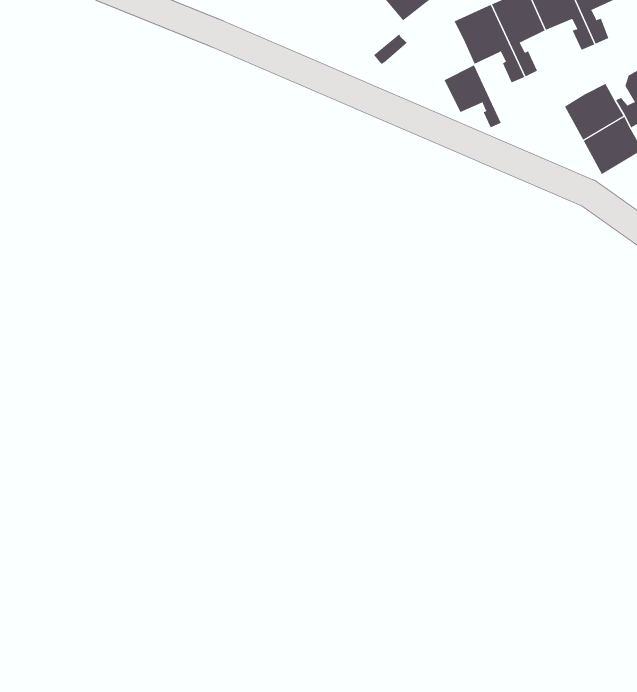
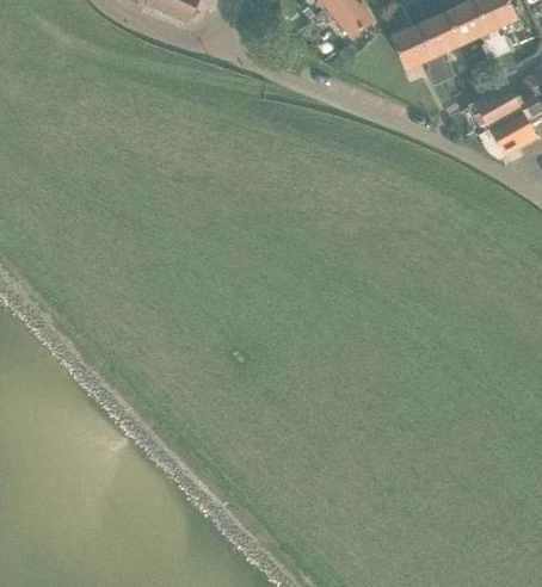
building: [444,65,501,128] -> none

